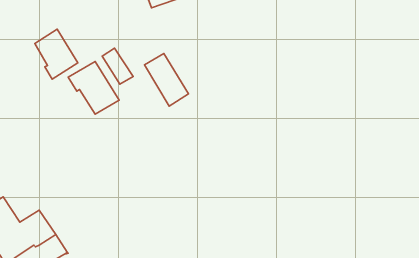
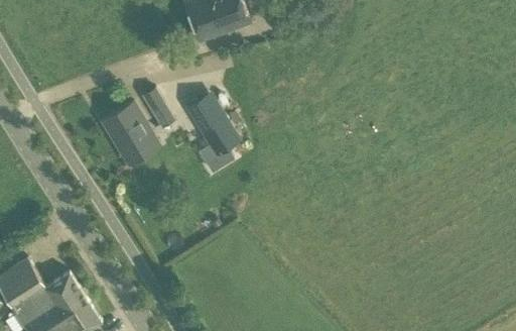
building: [35,29,78,79] -> none

